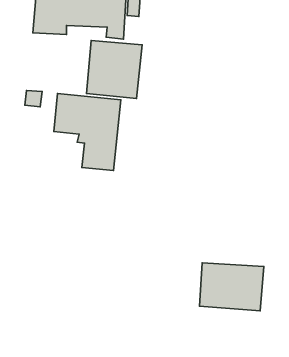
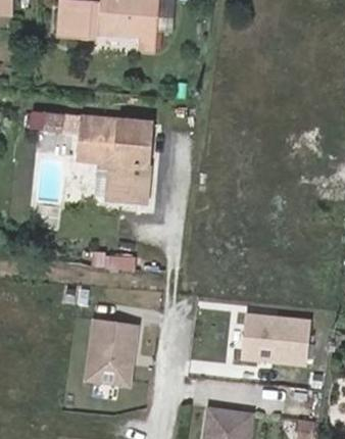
building: [87,40,142,98] -> none
building: none -> [88,315,141,384]

